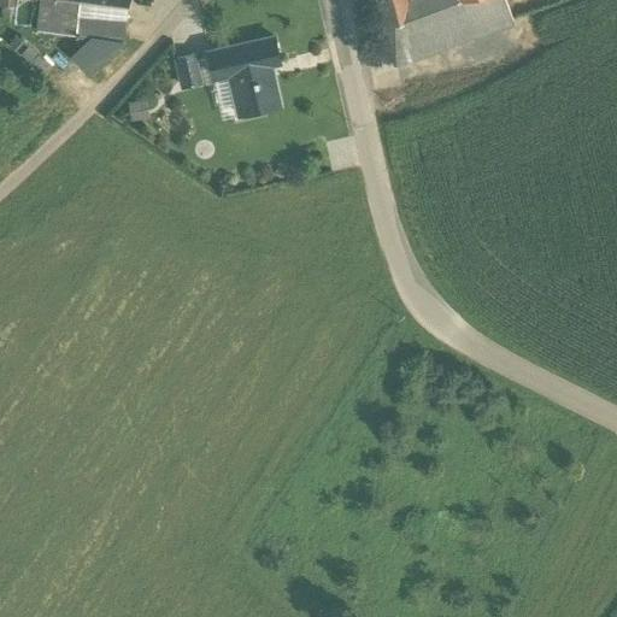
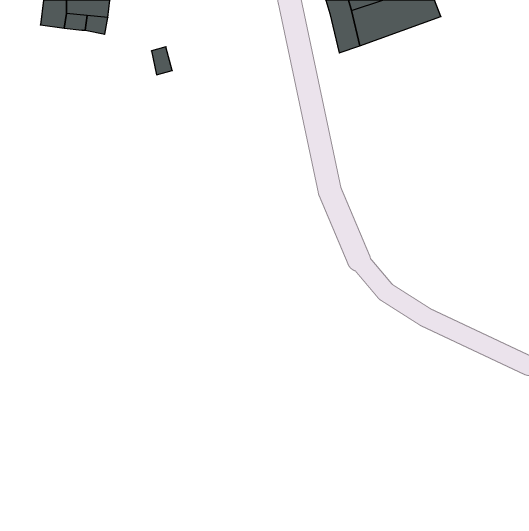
building: [72,35,122,75] -> none
building: [207,36,280,113] -> none

